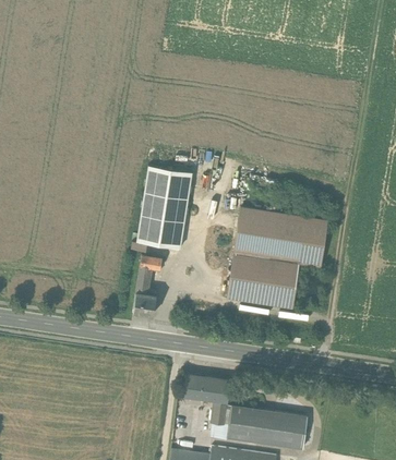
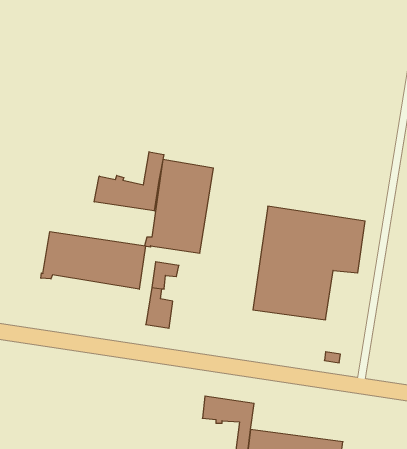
building: none -> [94,152,164,211]
building: none -> [41,232,145,289]

